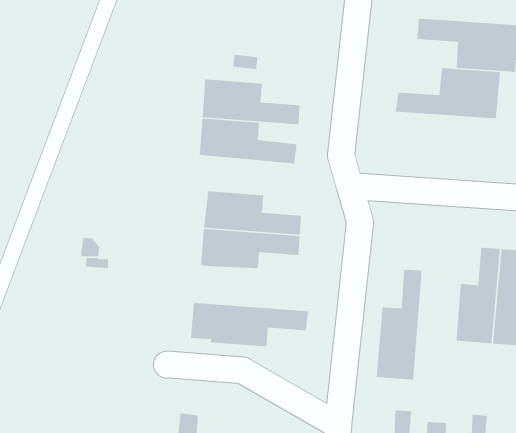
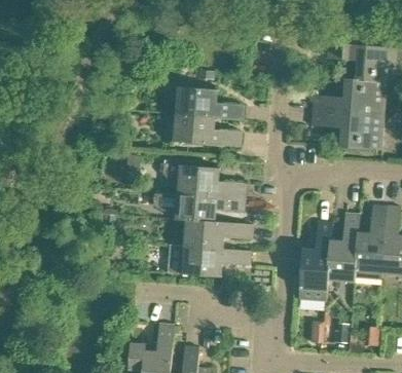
building: none -> [310,110,383,150]
building: none -> [325,214,359,300]
building: none -> [169,220,253,249]

